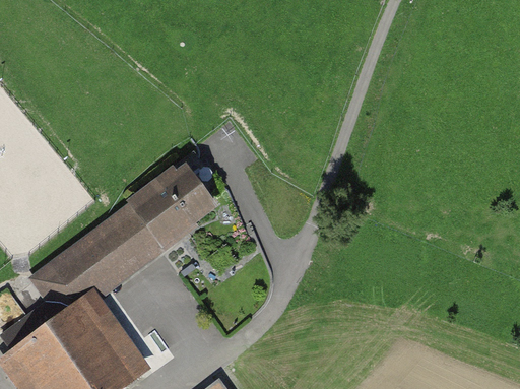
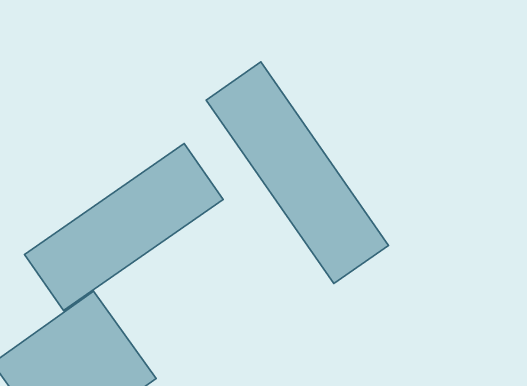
building: none -> [206,62,388,284]

